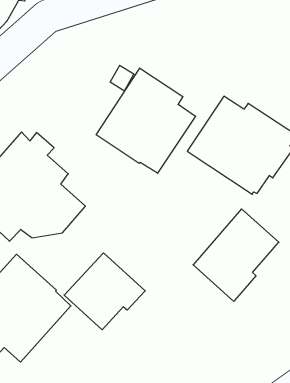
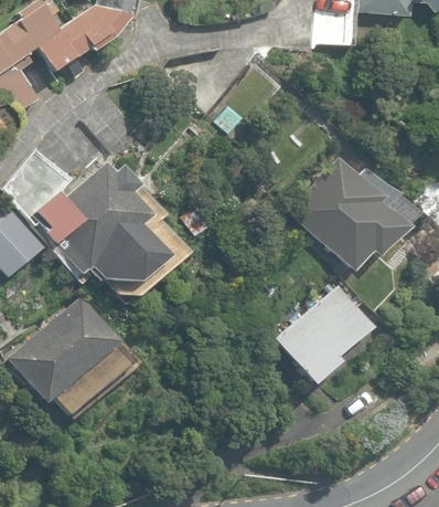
building: [96,68,196,173] -> none
building: [64,253,145,330] -> none

